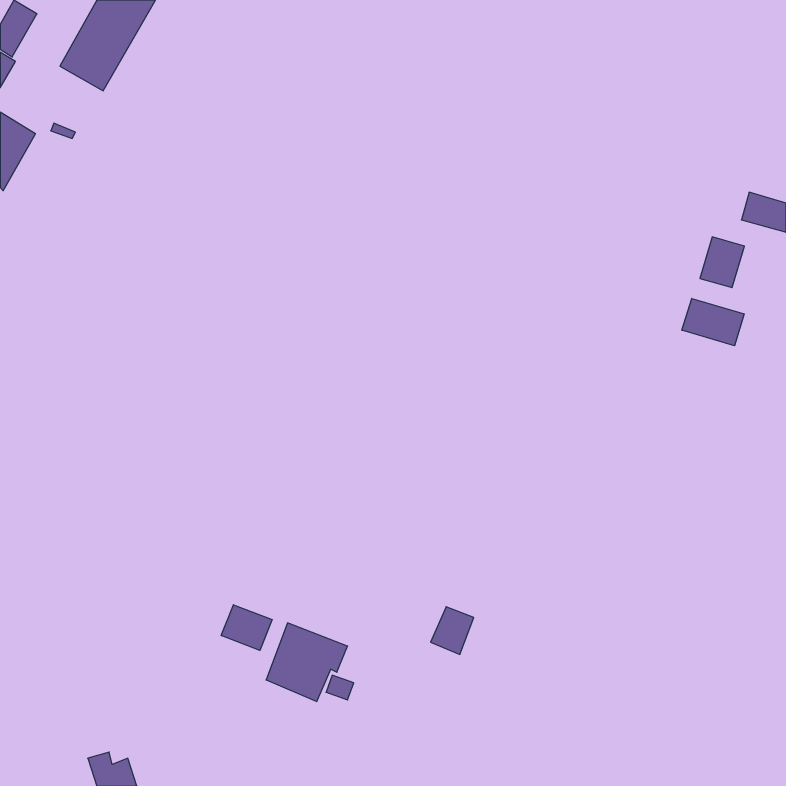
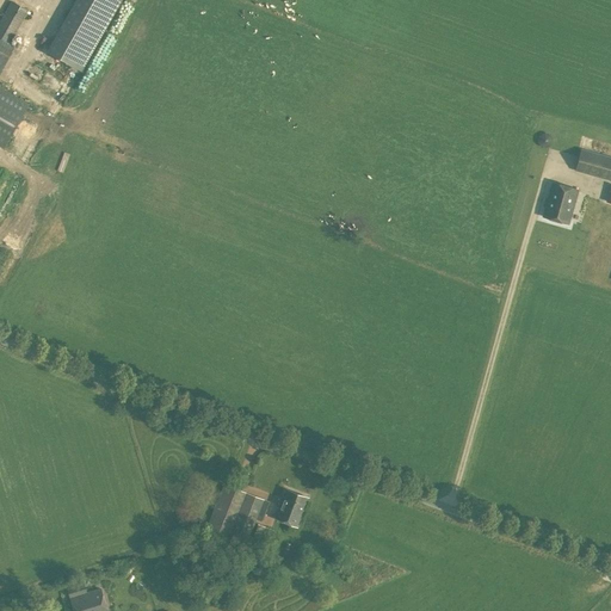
building: [682,298,744,346] -> none
building: [221,605,272,650] -> none
building: [431,607,474,654] -> [274,489,308,526]

